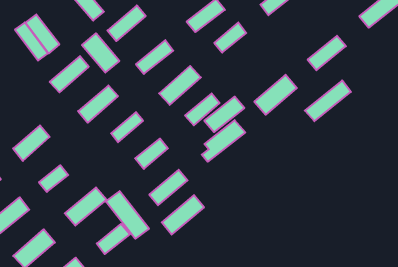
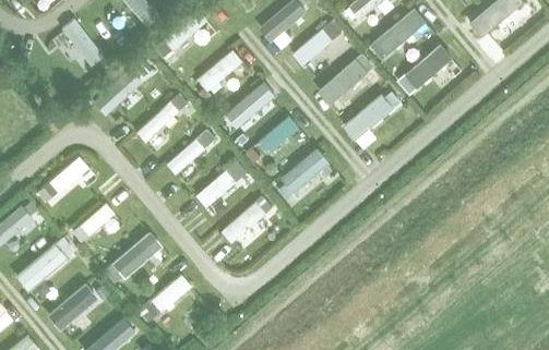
building: [82,33,119,73] -> none
building: [305,80,351,121] -> [369,10,426,60]
building: [204,97,244,132] -> [319,61,368,105]
building: [106,191,149,239] -> none
building: [162,195,204,235] -> none

